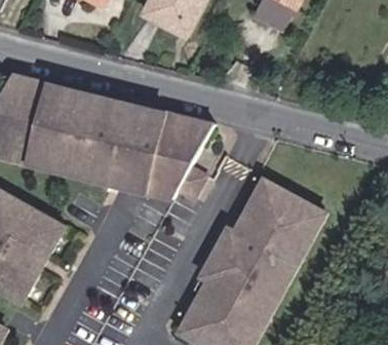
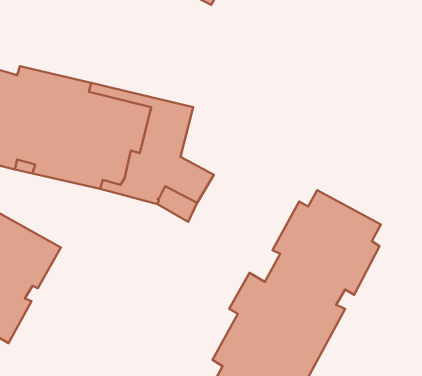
building: [160,114,211,168] -> none

